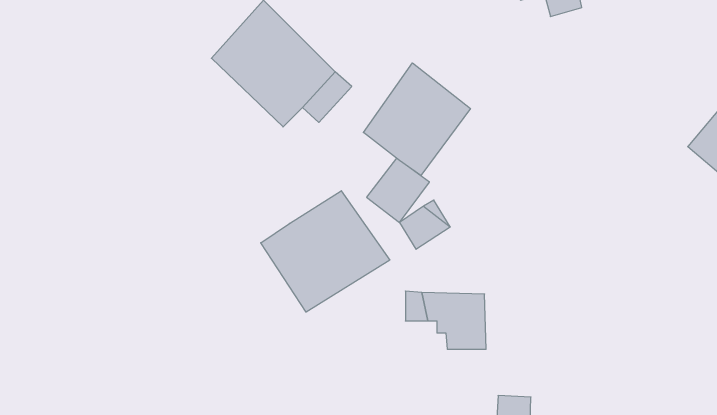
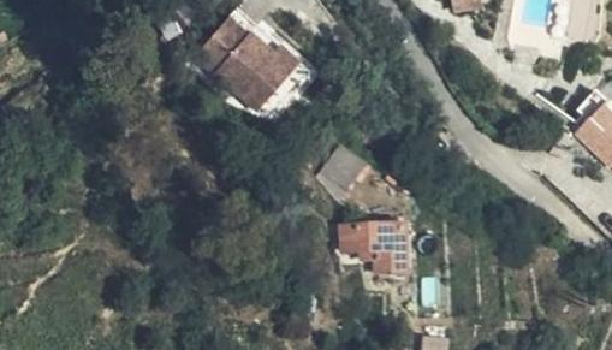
building: [363,63,470,175] -> none
building: [261,191,390,312] -> none

